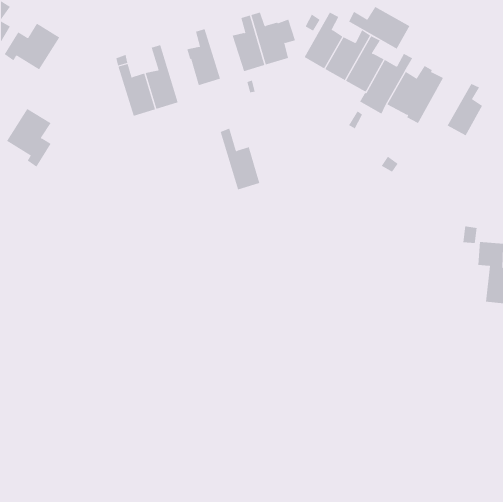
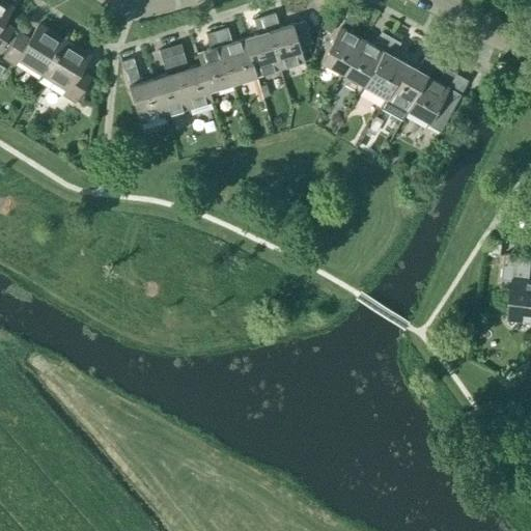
building: [348,6,410,50] -> none
building: none -> [217,29,257,85]
building: [447,83,483,136] -> none
building: [6,108,52,167] -> [43,41,90,104]
building: [220,128,260,190] -> [170,45,213,110]

